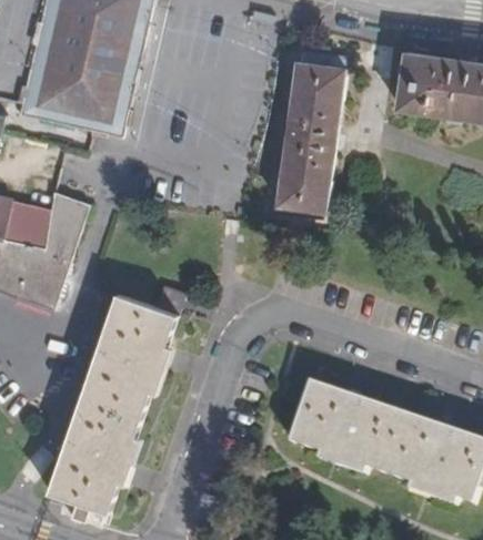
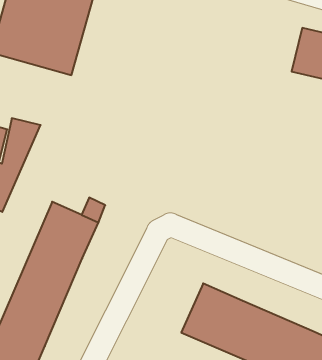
building: [279,62,346,210] -> none

